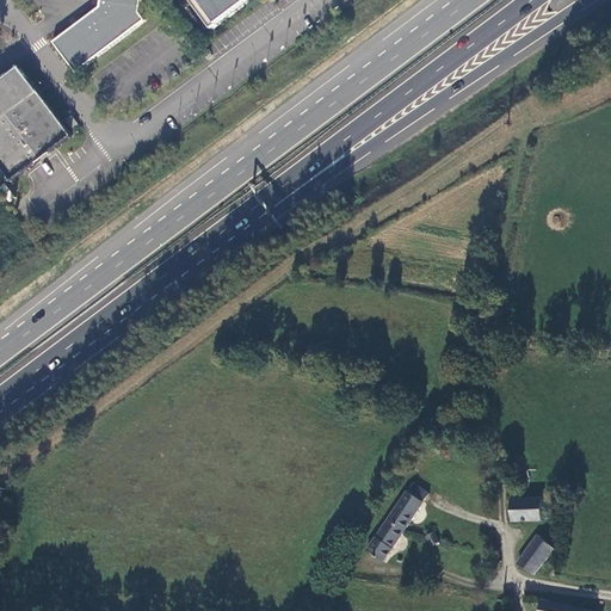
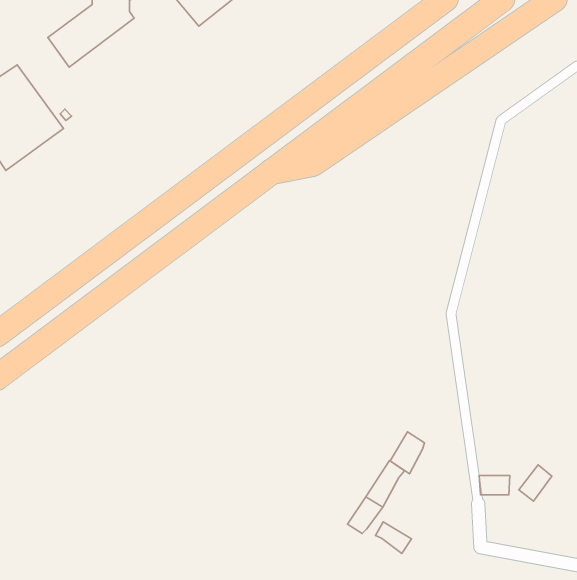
building: none -> [390,432,425,474]
building: [511,536,545,574] -> [519,465,552,501]
building: none -> [375,522,412,553]

